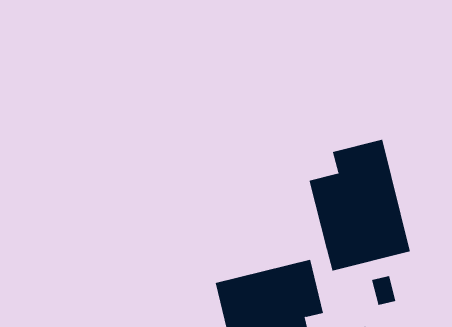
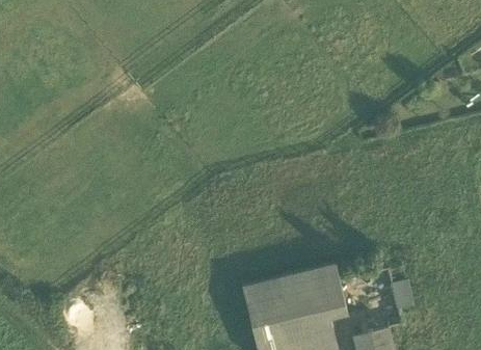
building: [309,139,410,271] -> none

